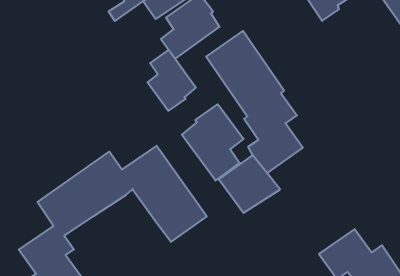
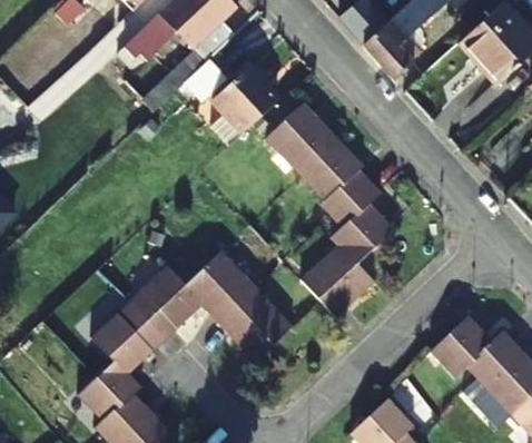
building: [147,50,196,111] -> none
building: [182,104,244,181] -> none

